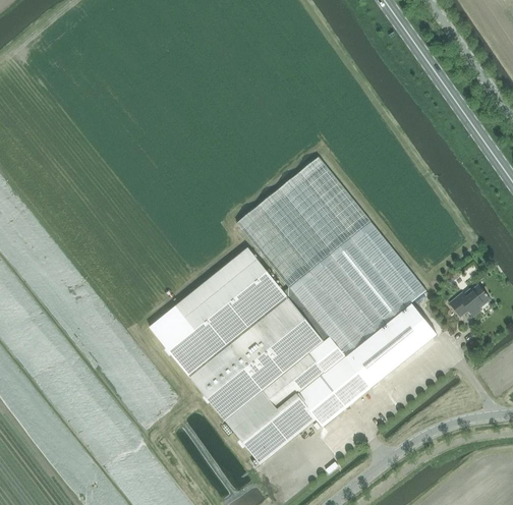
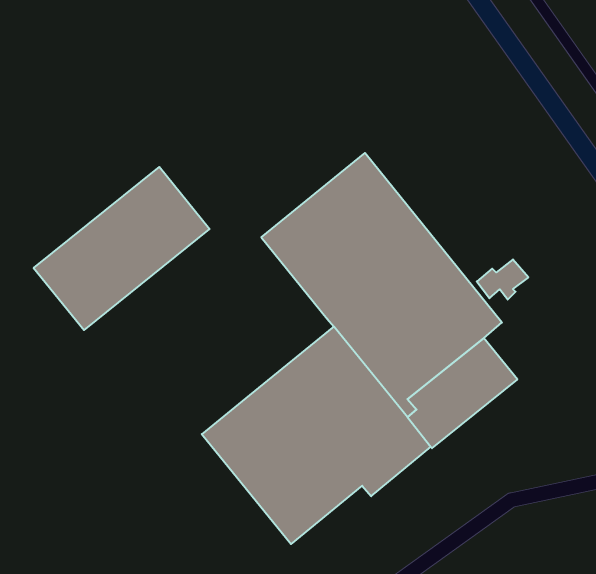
building: [149,247,287,376] -> [34,167,210,330]
building: [449,285,490,317] -> [477,259,528,300]

